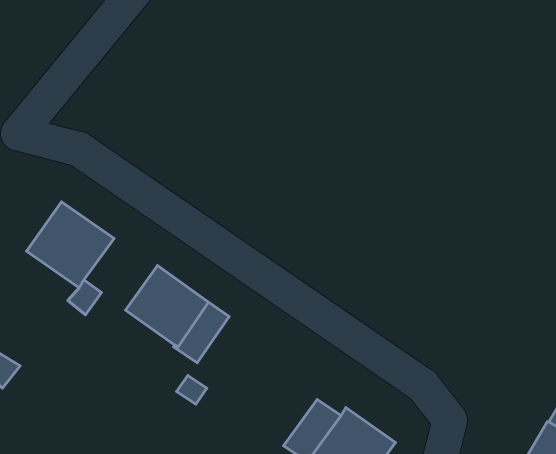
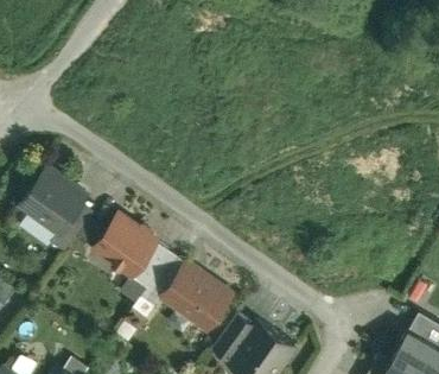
building: none -> [160,259,233,328]

